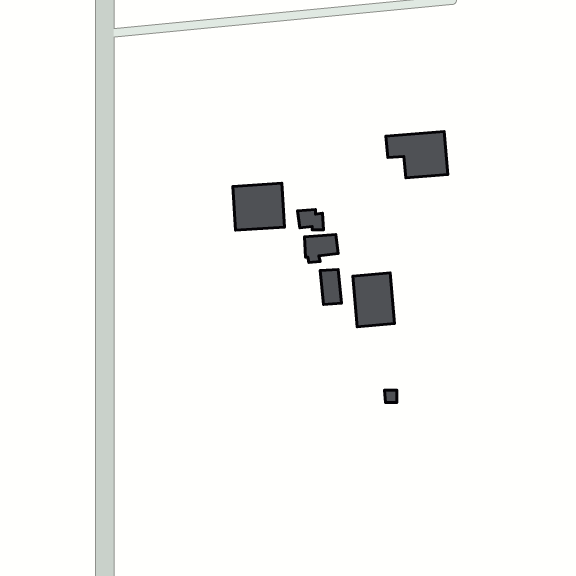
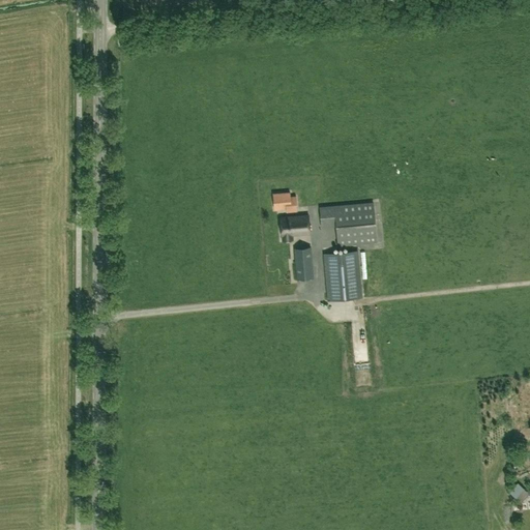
building: [386,132,448,178] -> [320,203,377,245]
building: [233,183,284,230] -> none

